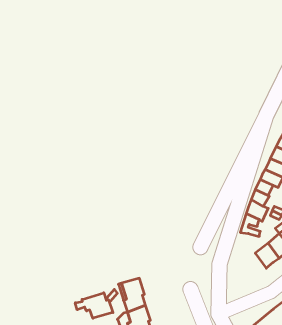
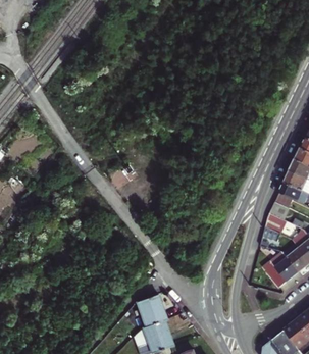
building: [75,293,113,318] -> none

